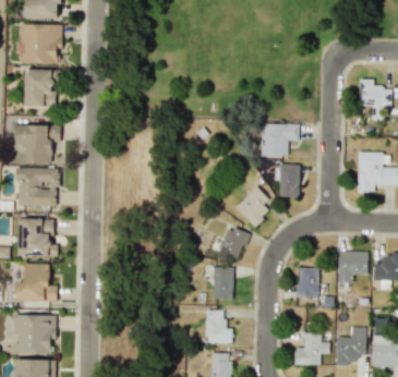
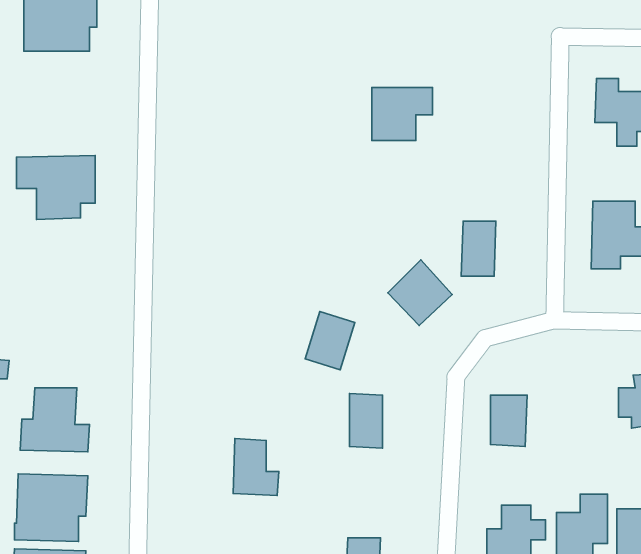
building: [25,70,53,108] -> none
building: [262,124,298,156] -> [372,87,432,141]
building: [17,168,59,207] -> none
building: [22,219,58,257] -> none
building: [218,227,248,262] -> [305,311,355,370]
building: [338,252,367,282] -> none
building: [205,309,232,343] -> [233,439,279,495]

